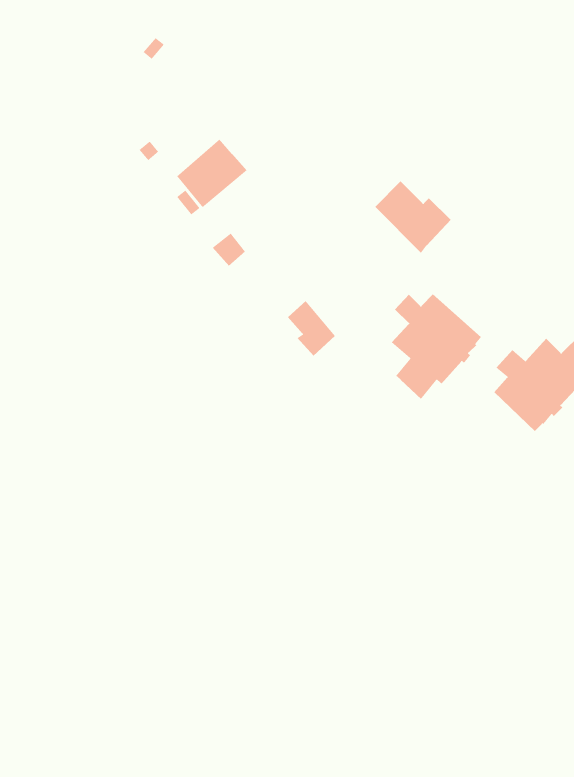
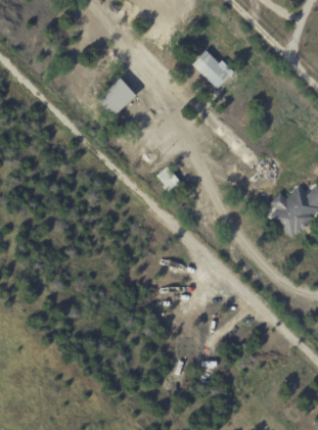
building: [374,181,451,254] -> [191,49,233,89]
building: [391,294,482,400] -> none

